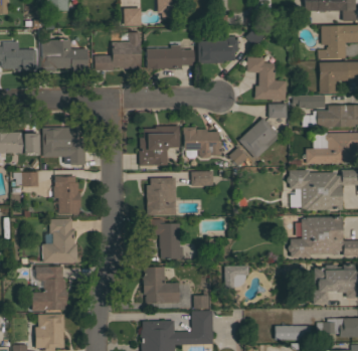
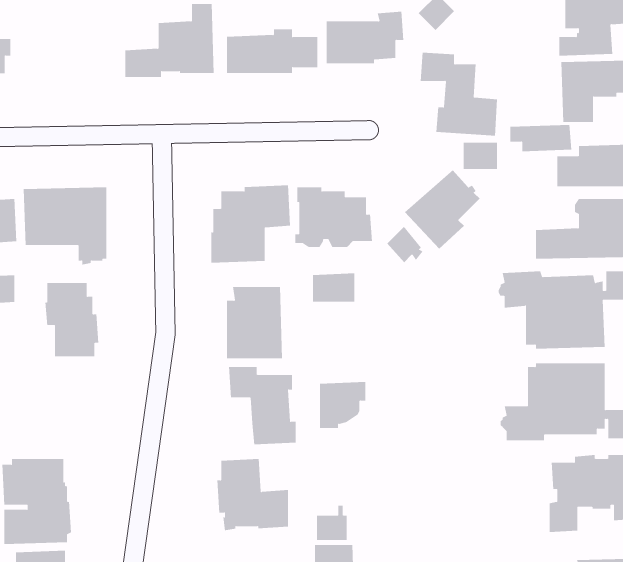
building: [40,39,87,71] -> none
building: [42,218,77,264] -> none
building: [224,266,248,290] -> [319,382,366,428]

